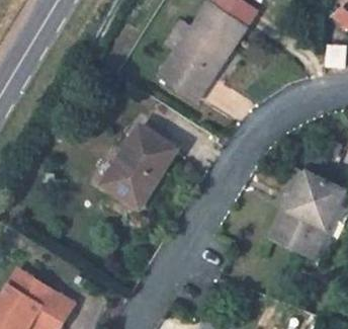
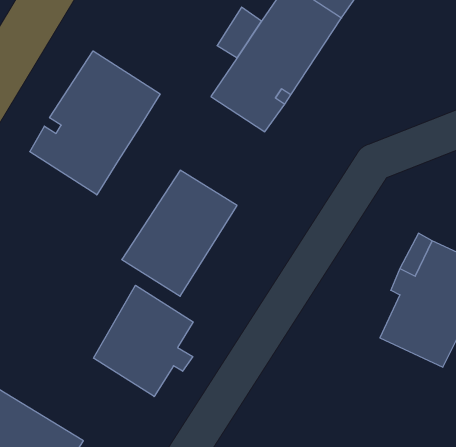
building: none -> [30,51,160,195]
building: none -> [94,285,193,397]

